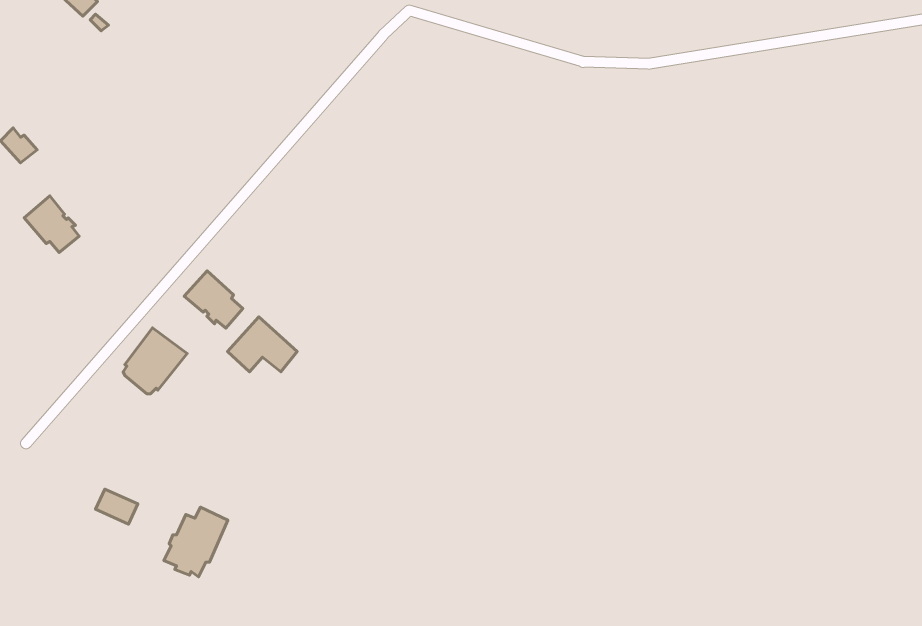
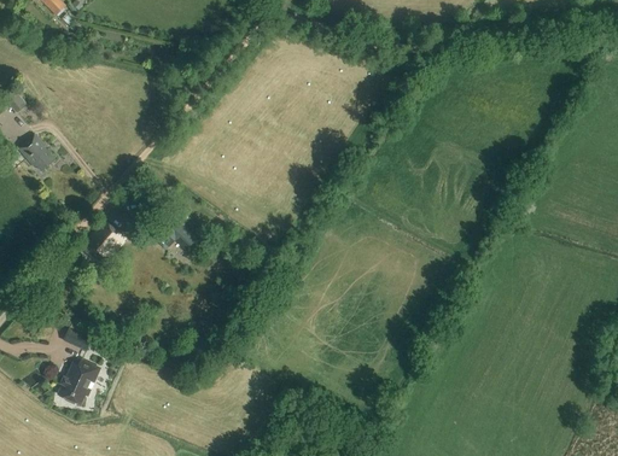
building: [184,271,243,328] -> none
building: [164,507,228,577] -> [58,361,100,407]

